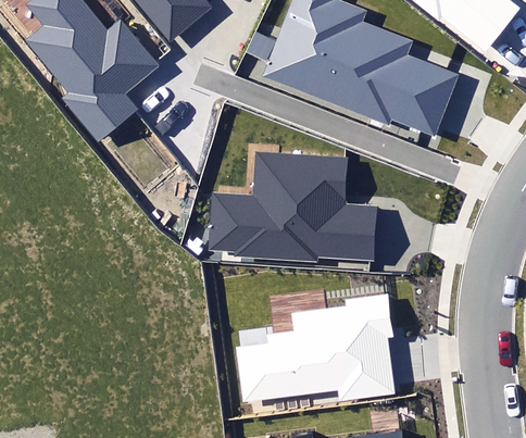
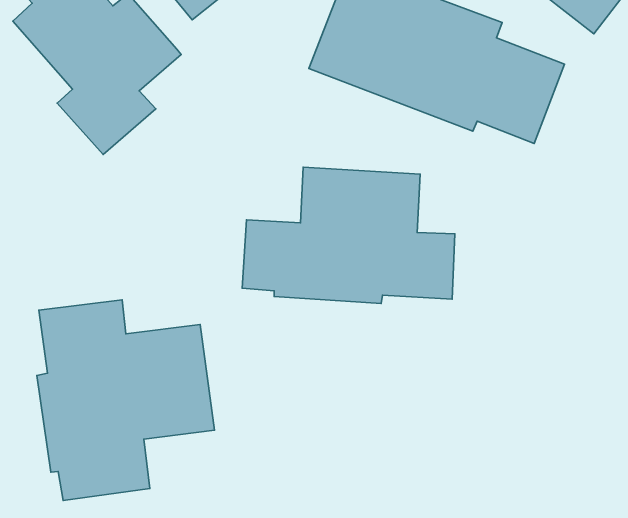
building: none -> [37,300,215,500]
building: [236,293,395,402] -> none

